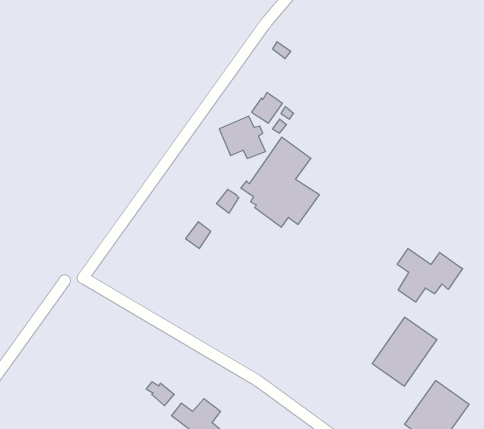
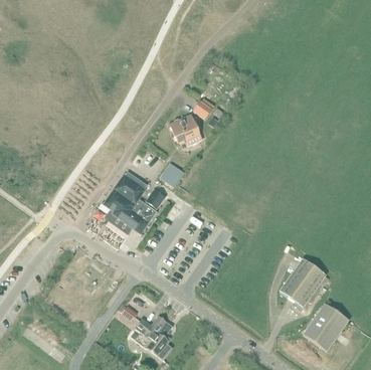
building: [241,137,319,227] -> [99,170,155,234]
building: [397,248,463,302] -> none

